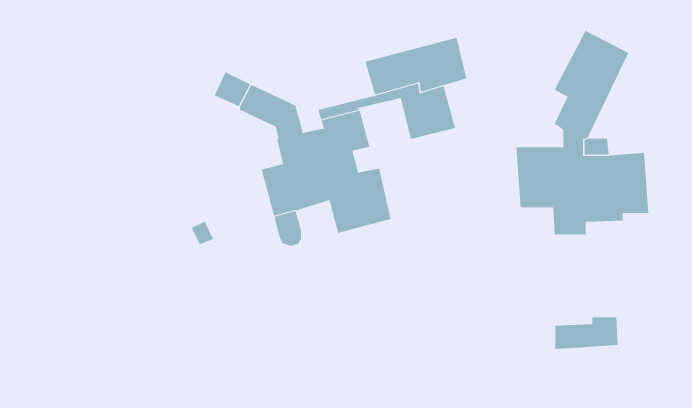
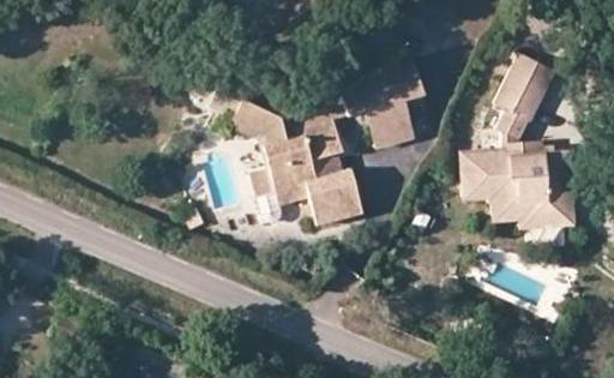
building: [555,317,619,350] -> [522,206,576,234]

